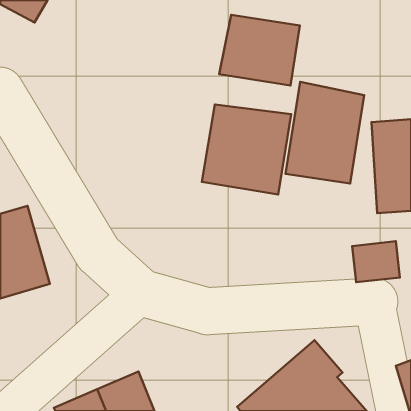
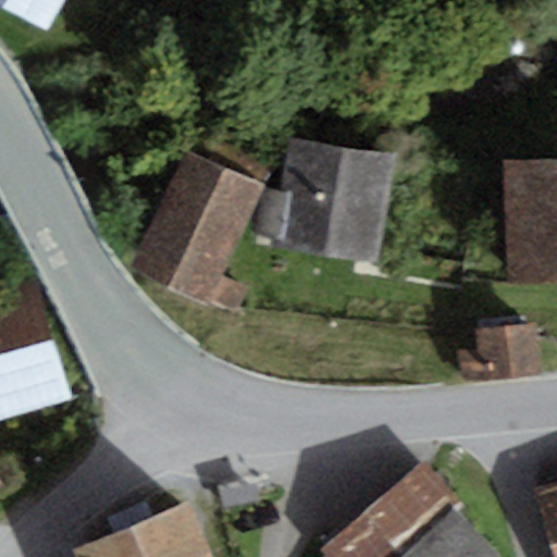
building: [219,15,300,86] -> none
building: [285,82,364,184] -> none
building: none -> [132,152,262,320]

